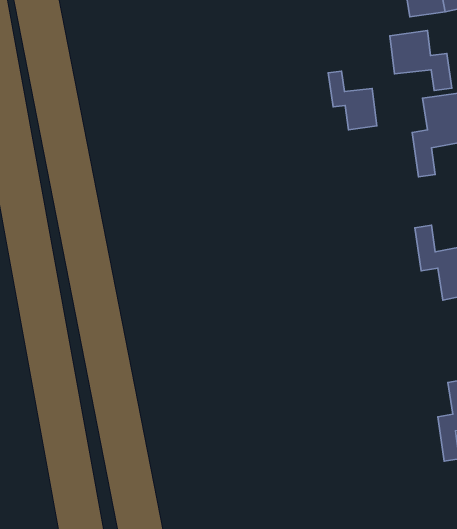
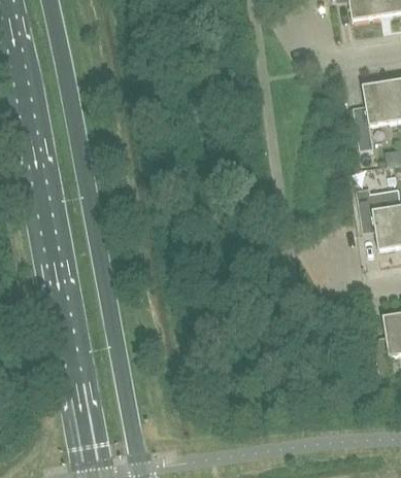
building: [390,31,452,91] -> none
building: [328,71,377,130] -> none

